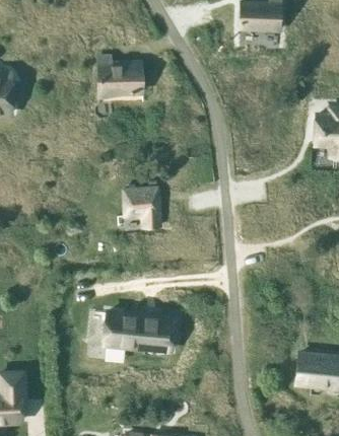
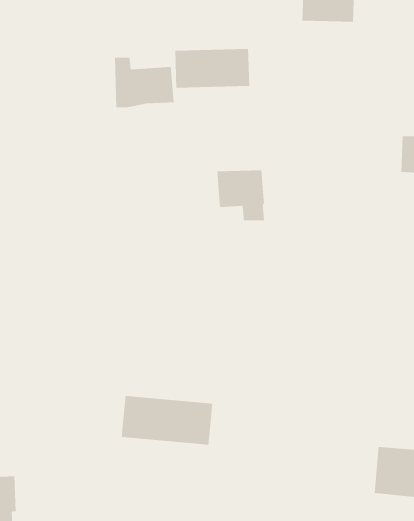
building: none -> [175,48,250,89]
building: [124,189,160,227] -> [217,170,265,221]

